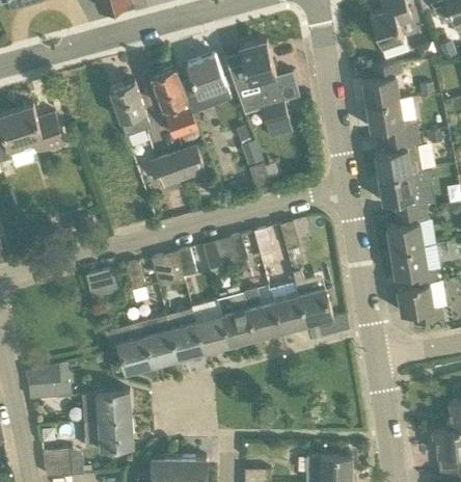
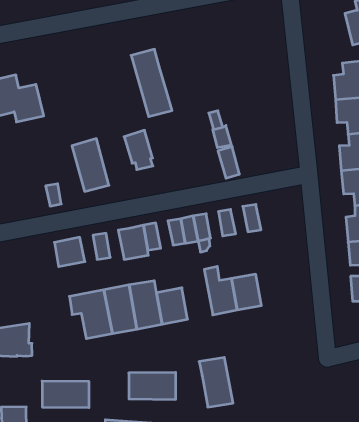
building: [227,41,300,128] -> none
building: [182,54,229,110] -> none
building: [110,81,152,137] -> [72,139,109,191]
building: [171,144,206,181] -> none
building: [293,270,333,326] -> none
building: [218,293,256,346] -> [199,357,233,407]
building: [82,391,133,422] -> [129,372,176,399]

